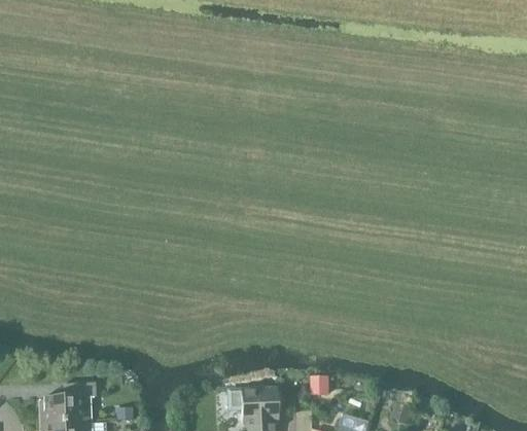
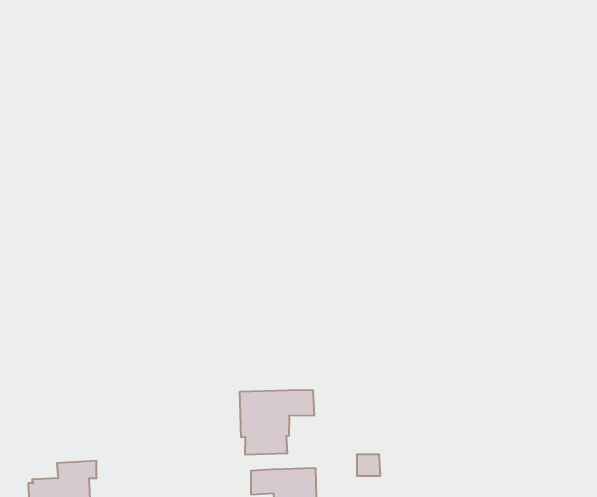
building: none -> [240,390,314,455]

